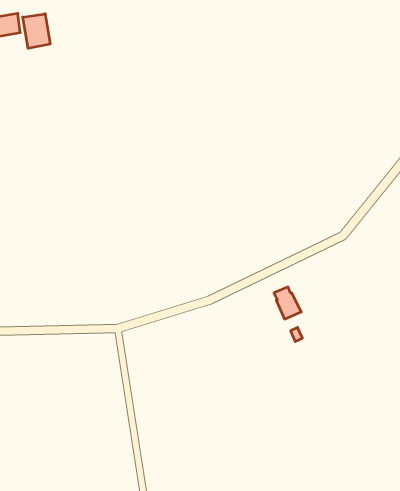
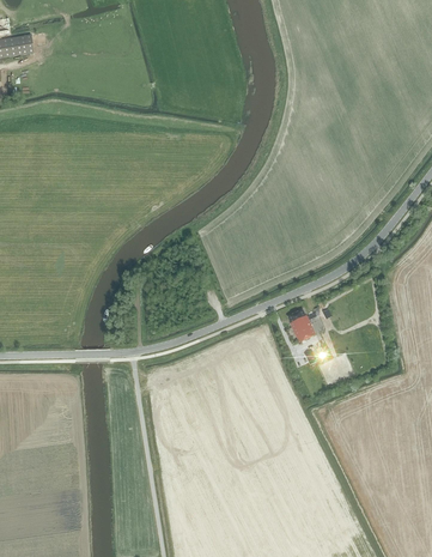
building: [23,14,50,48] -> none

